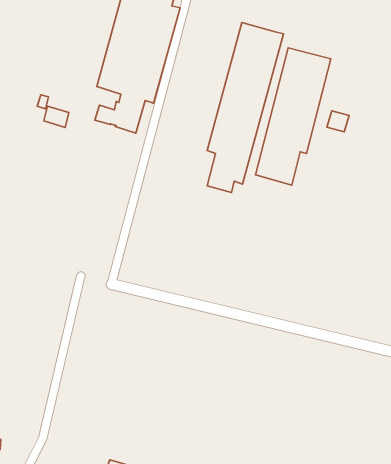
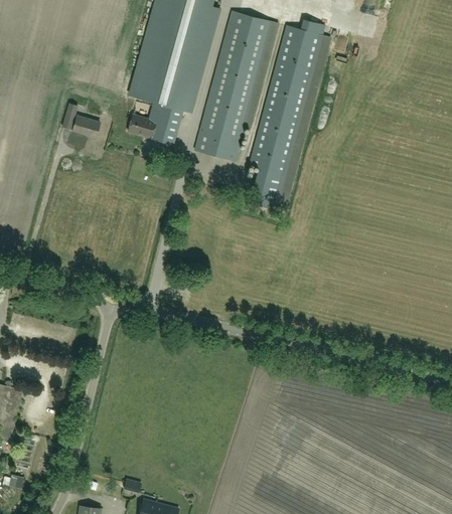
building: [256,48,331,185] -> [195,10,277,159]
building: [327,111,349,132] -> none

